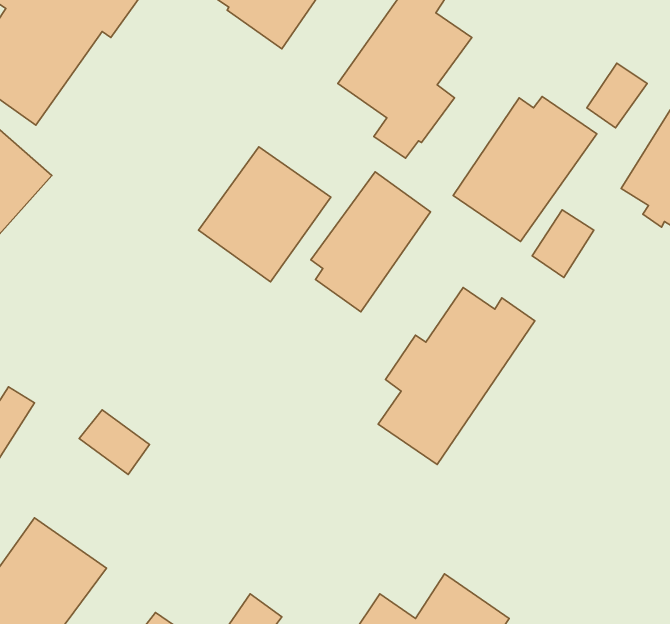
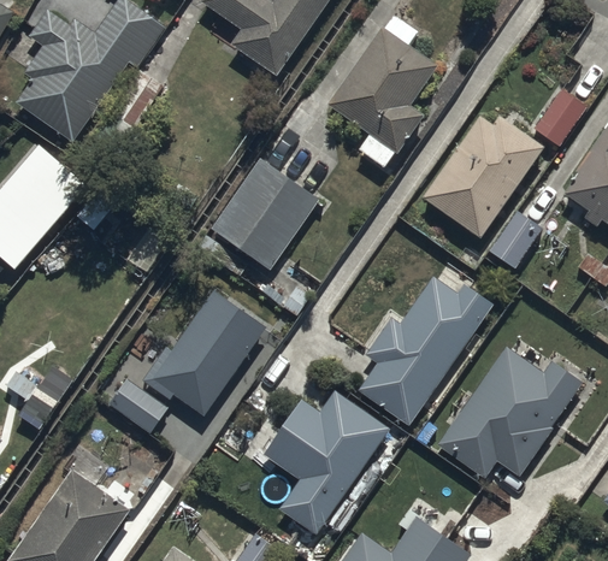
building: [311,172,431,312] -> none
building: none -> [146,290,266,417]
building: none -> [437,348,582,476]
building: none -> [262,389,389,532]

